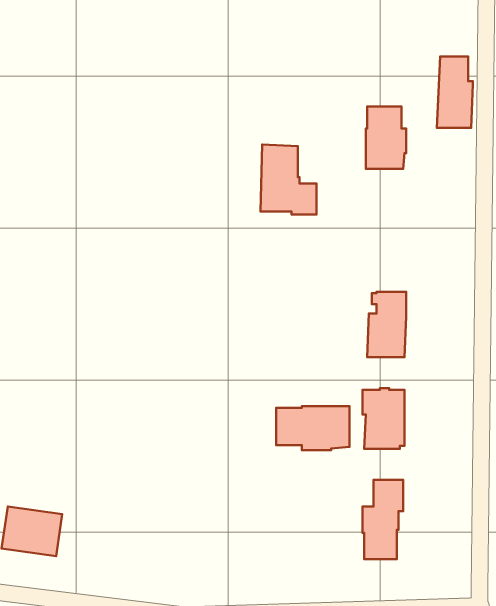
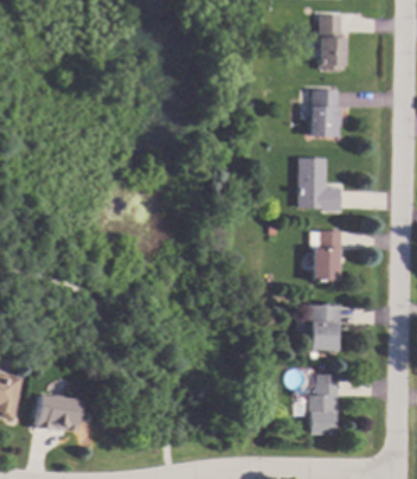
building: [437,56,473,128] -> [317,14,345,69]
building: [260,145,316,215] -> [297,157,340,210]
building: [276,406,350,450] -> none

